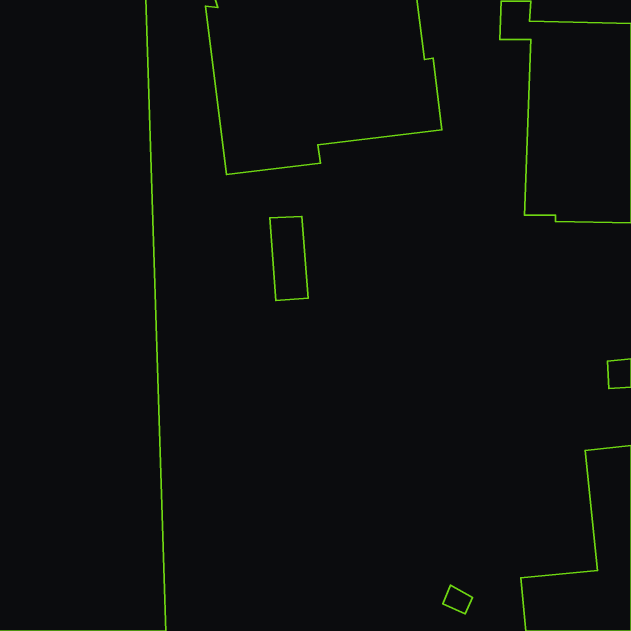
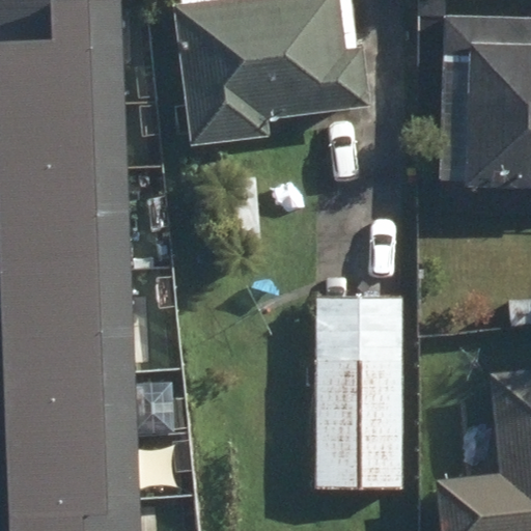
building: none -> [316,298,401,488]

